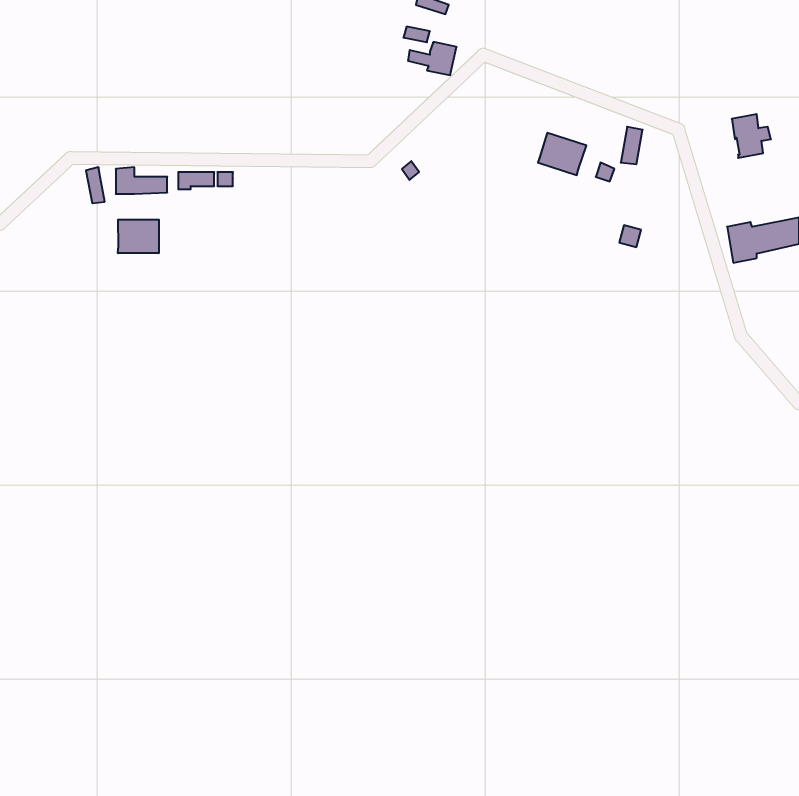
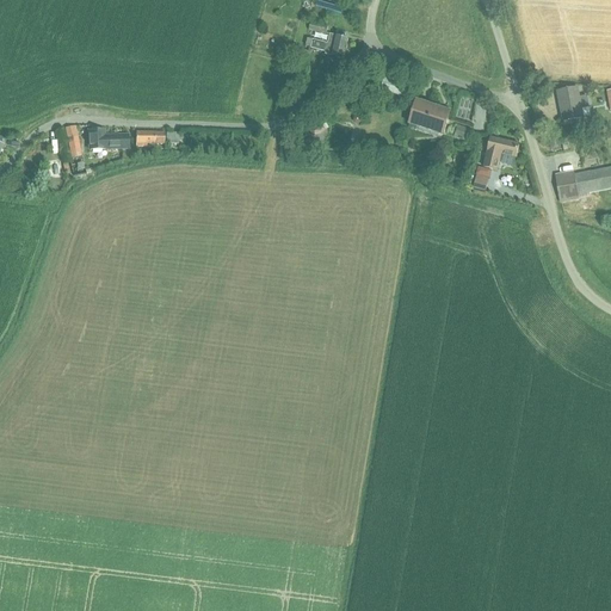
building: none -> [483,136,519,169]
building: [118,220,159,253] -> none

